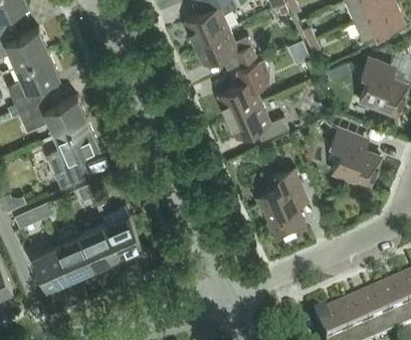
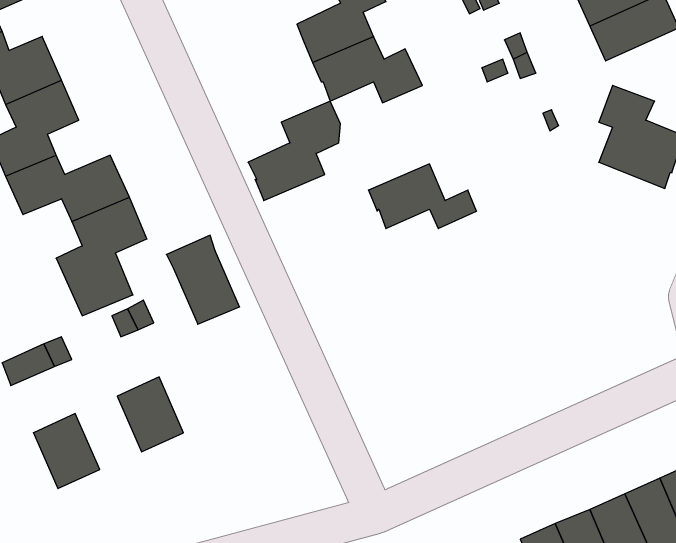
building: [216,59,269,117] -> [248,101,340,201]
building: [328,127,380,187] -> none
building: [260,168,304,237] -> none
building: [100,205,143,257] -> [166,235,240,324]
building: [56,235,94,278] -> none

